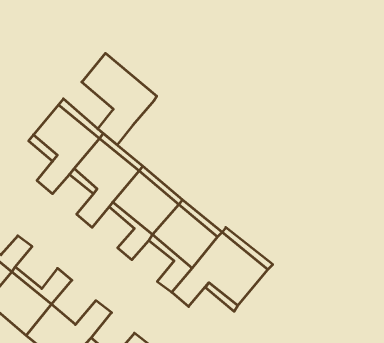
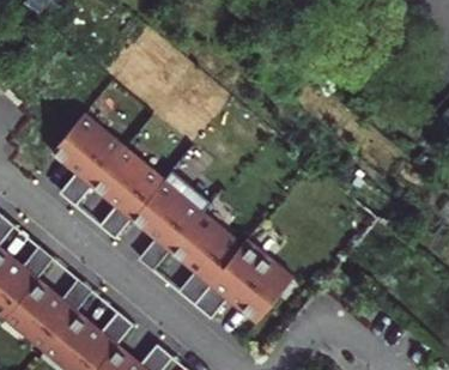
building: [82,53,157,145] -> none

